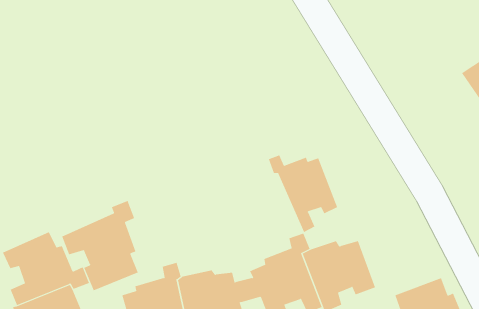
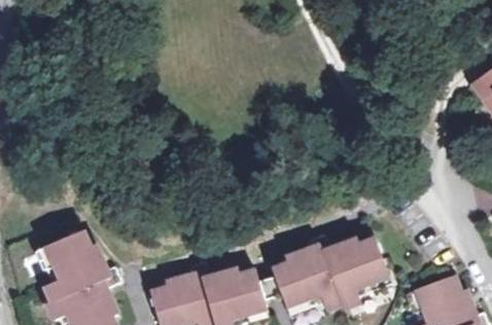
building: [268,155,338,233] -> none
building: [61,200,138,291] -> none

